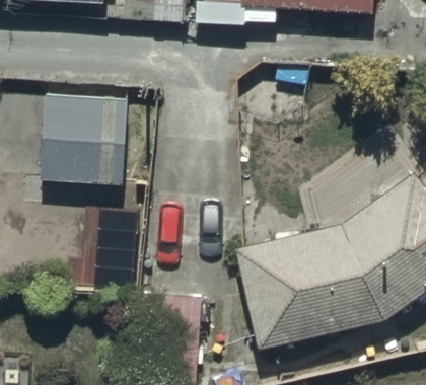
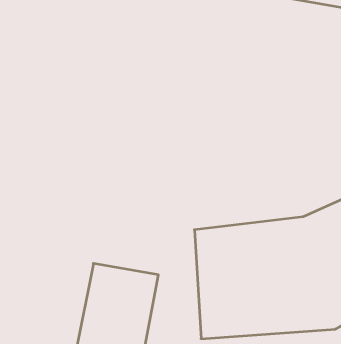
building: [40,97,127,182] -> none

